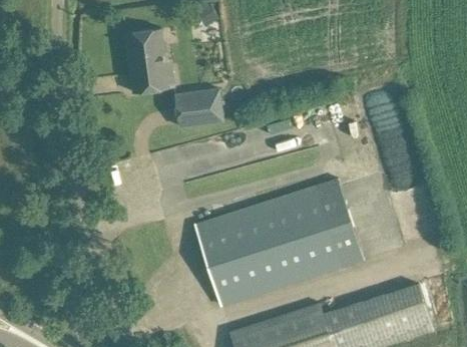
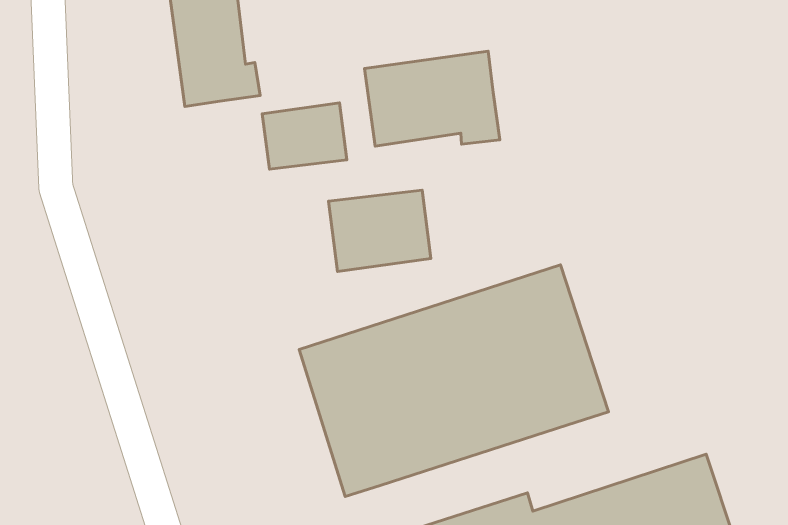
building: none -> [364,51,500,146]
building: none -> [329,190,431,271]

